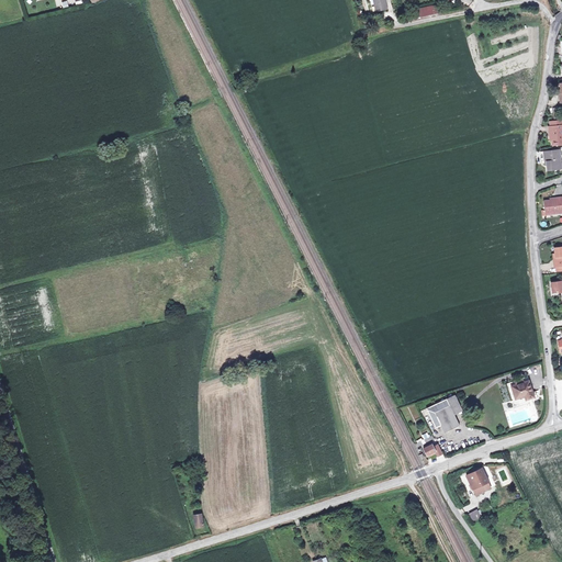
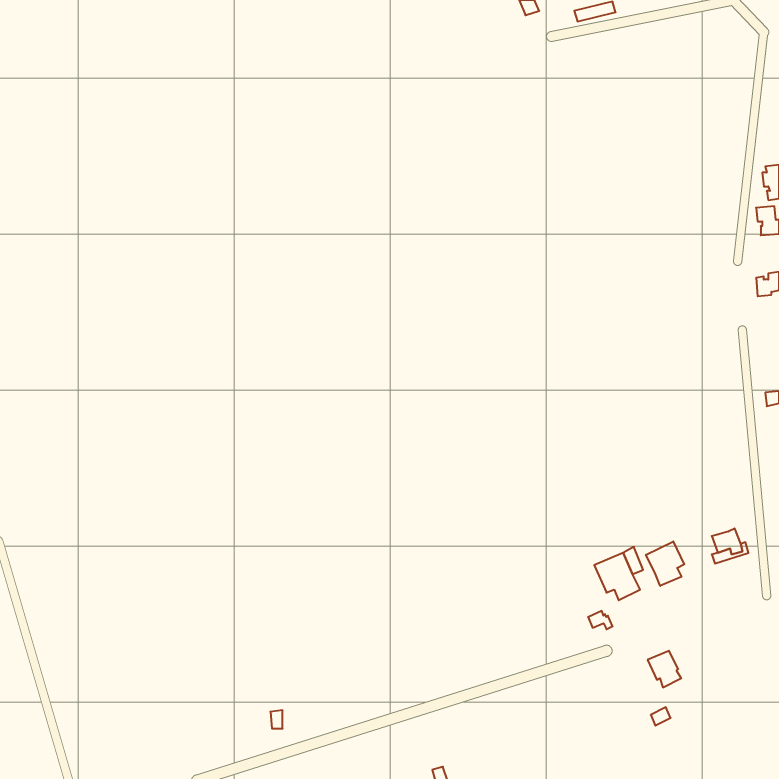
building: none -> [646,541,684,586]

